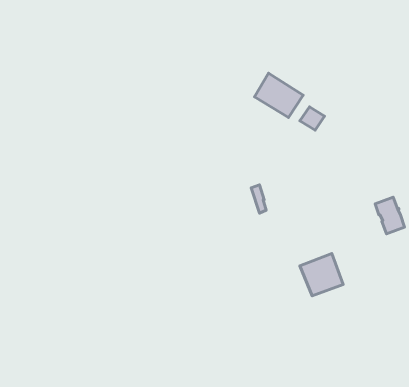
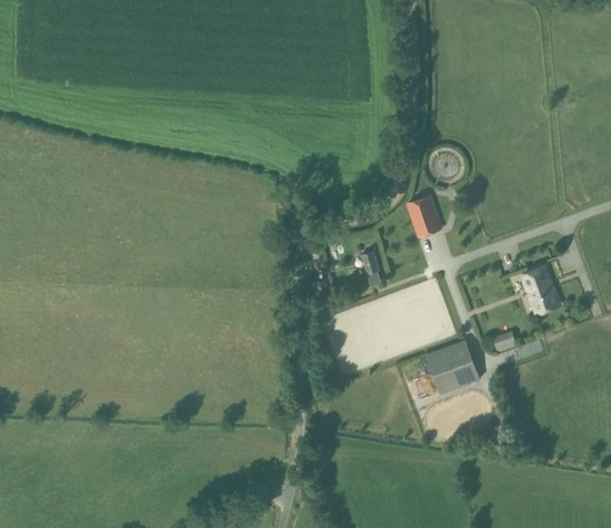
building: [255,73,303,117] -> none
building: none -> [404,194,442,238]

